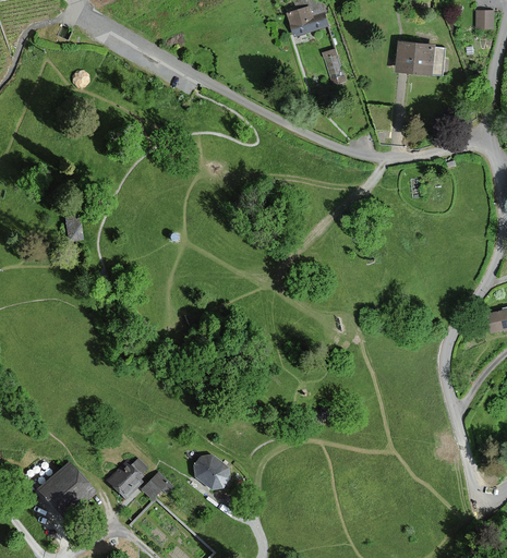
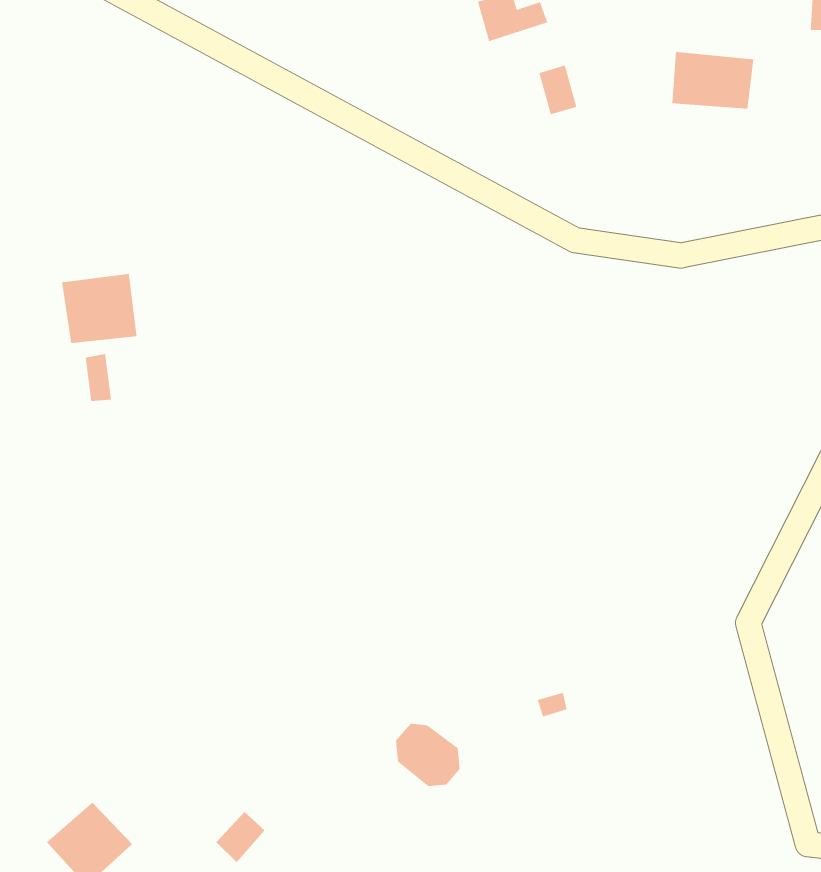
building: none -> [62,273,137,344]
building: [192,454,229,490] -> [395,723,461,787]
building: [105,458,150,499] -> none

